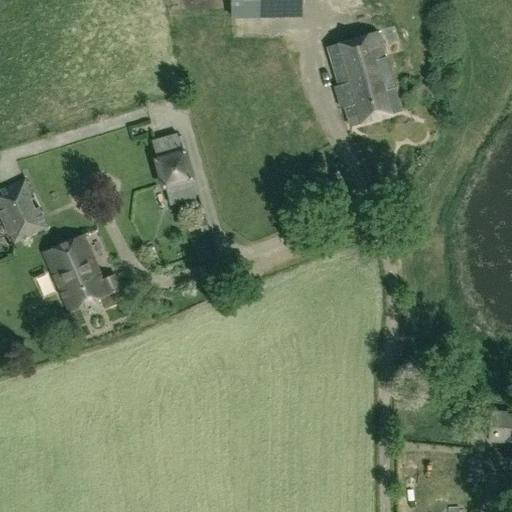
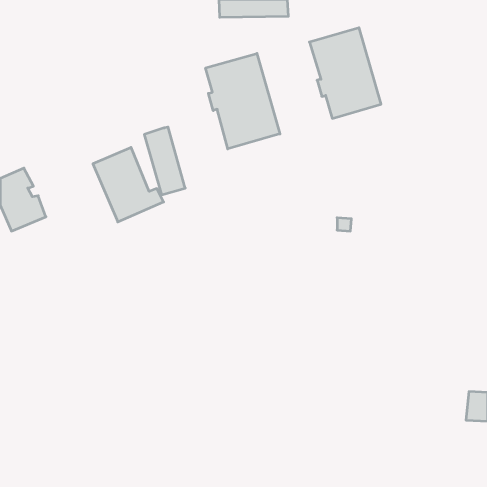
building: none -> [206,53,280,149]
building: [44,233,118,311] -> [93,147,164,222]

